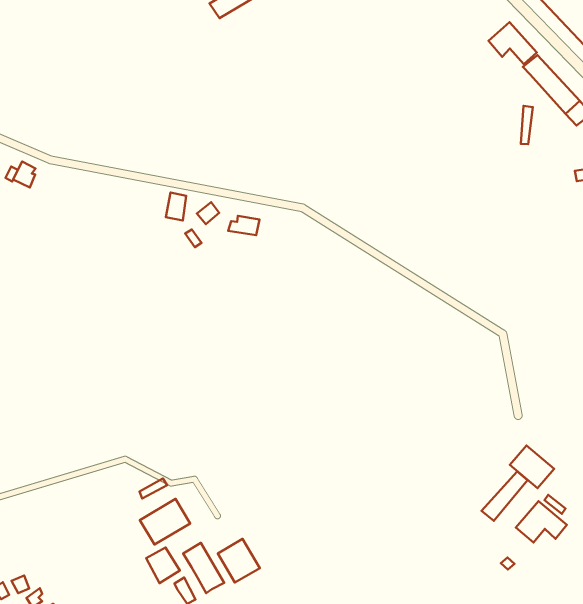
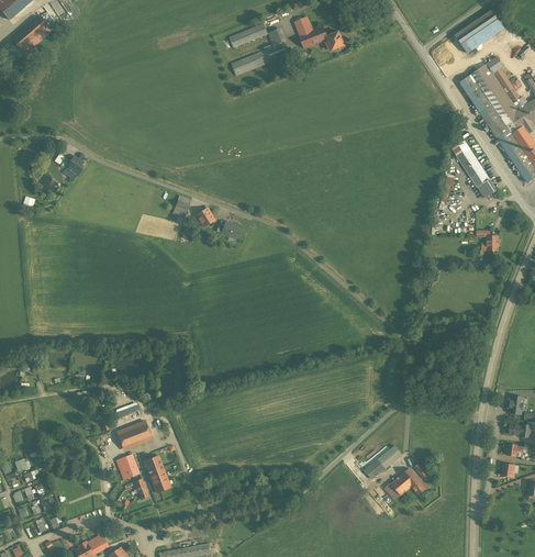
building: [488,22,537,64] -> none
building: [510,445,554,488] -> none
building: [218,539,260,583] -> none

